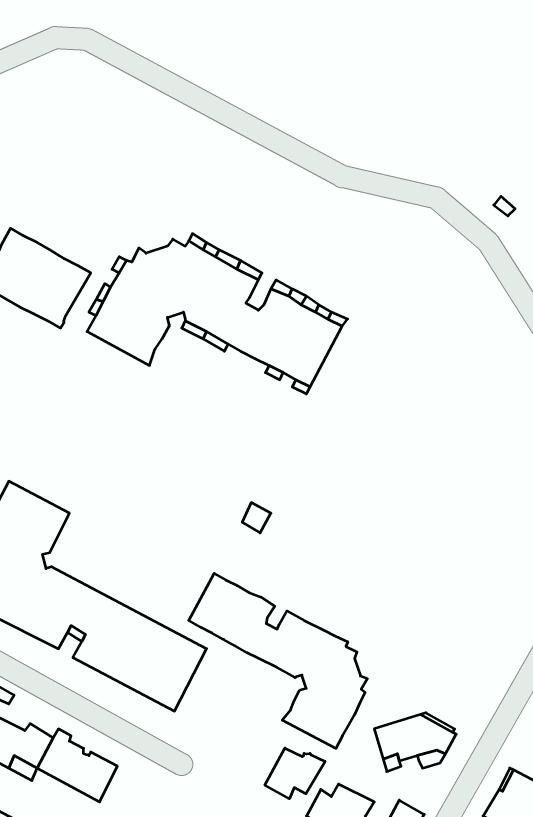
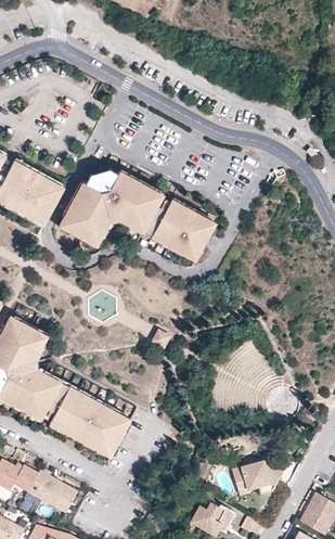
building: [189,573,367,748] -> none
building: [265,748,325,799] -> none

